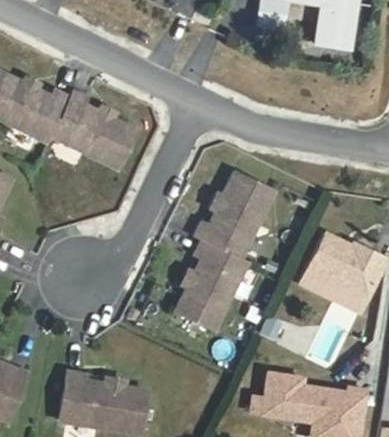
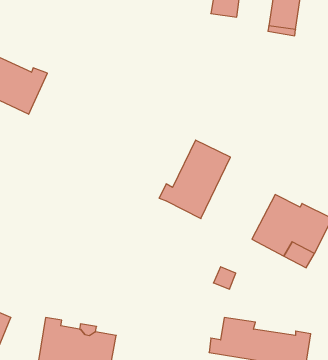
building: [52,89,138,168] -> none
building: [176,240,249,330] -> none

